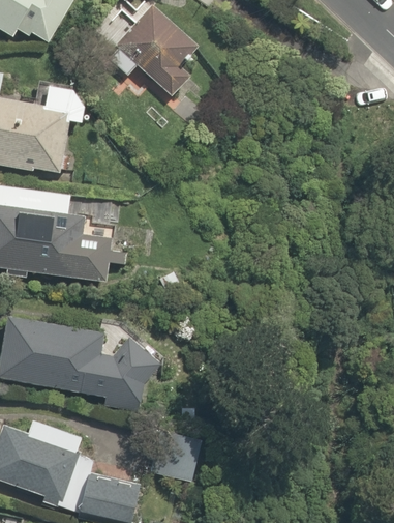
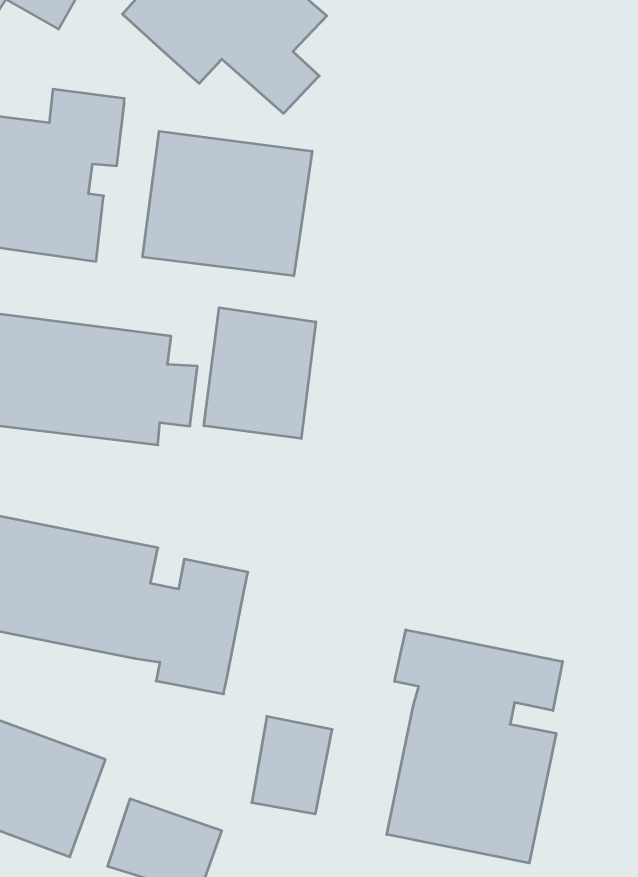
building: none -> [143,131,312,276]
building: none -> [204,308,316,439]
building: none -> [387,630,563,863]

